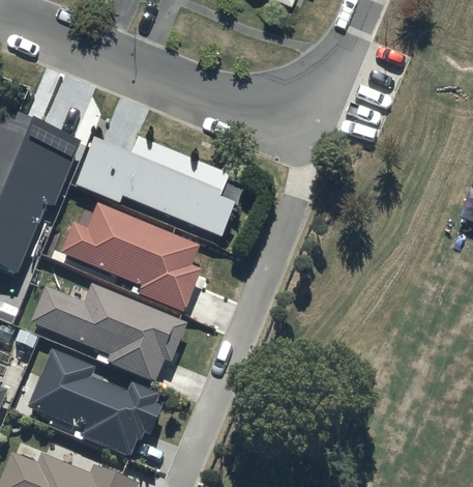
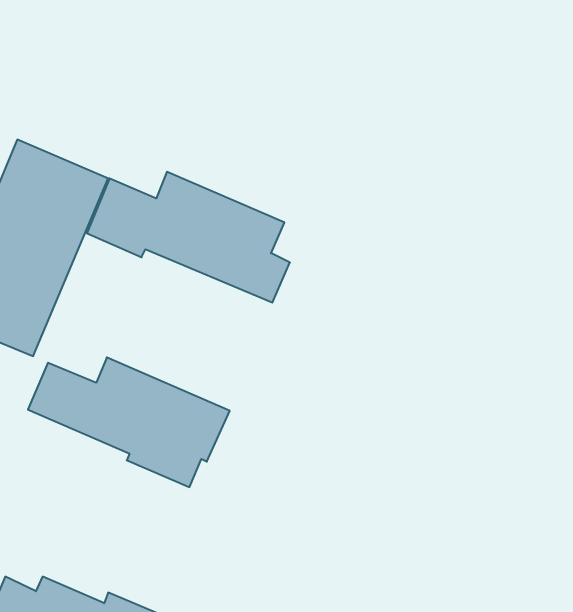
building: [60,202,201,311] -> none
building: [25,349,161,455] -> none

